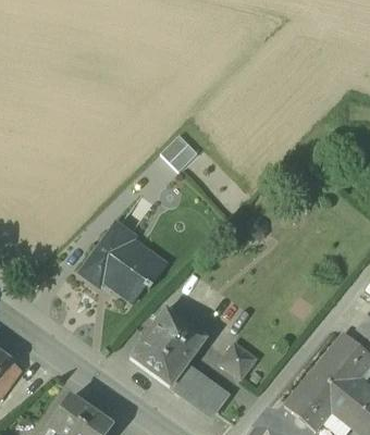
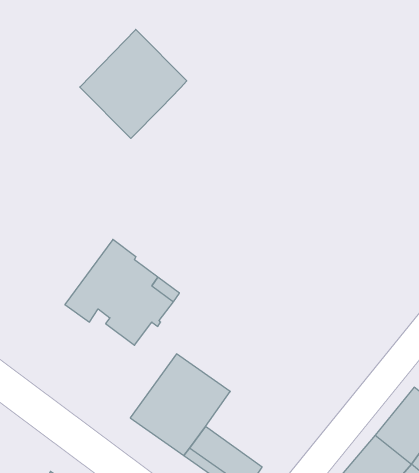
building: none -> [80,29,187,138]
building: [161,132,199,170] -> none
building: [220,344,258,383] -> none

